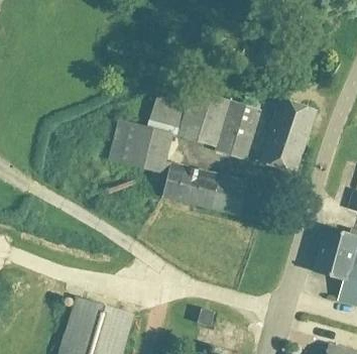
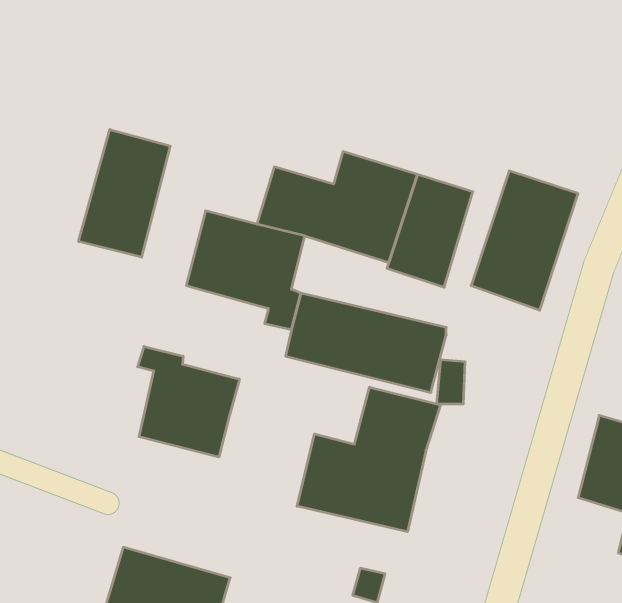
building: none -> [79,129,170,257]
building: none -> [138,346,239,457]
building: none -> [297,387,441,532]

